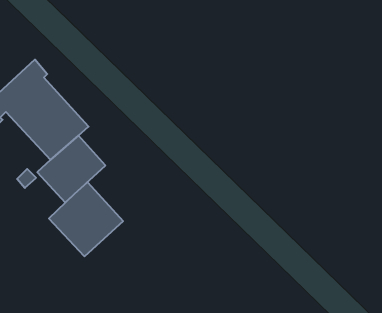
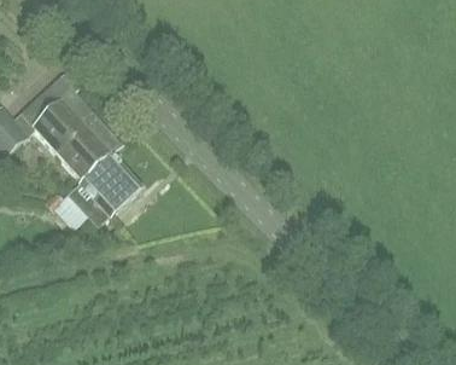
building: [49,182,123,256] -> none

